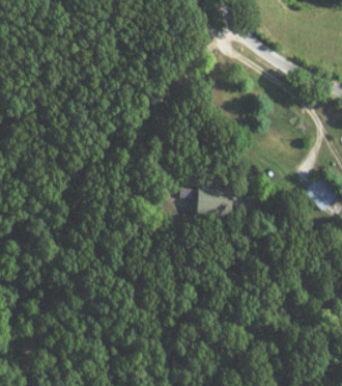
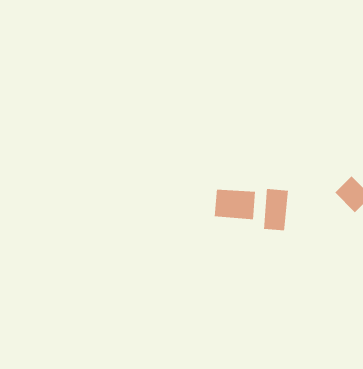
building: none -> [263,188,288,231]

